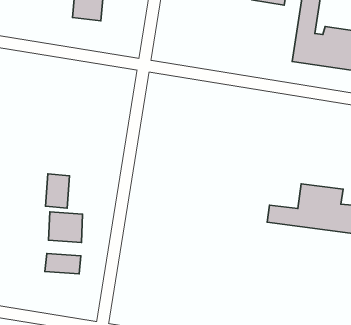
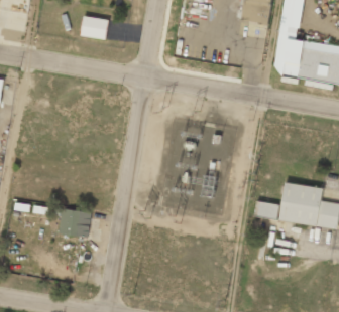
building: [46,174,70,208] -> none
building: [45,253,81,274] -> none

